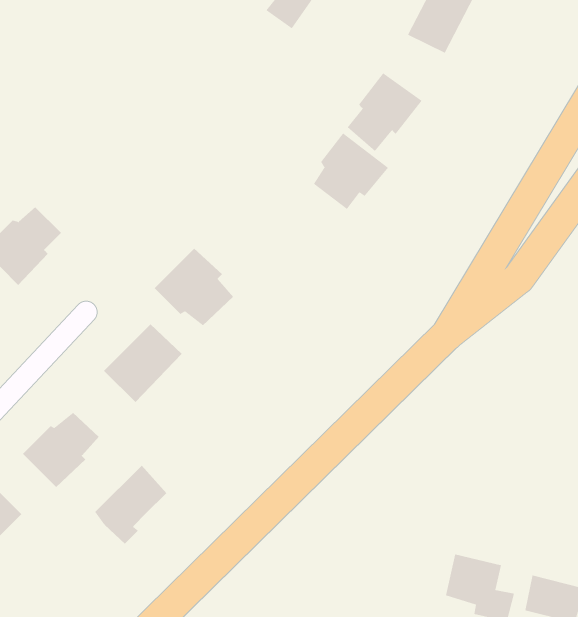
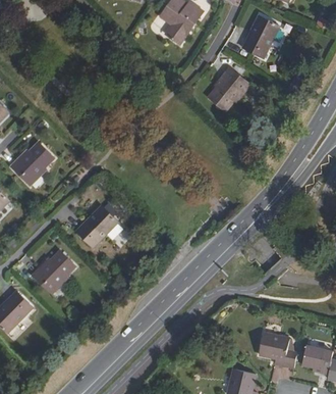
building: [313,132,389,210] -> none
building: [154,248,234,326] -> none
building: [95,465,167,544] -> none

